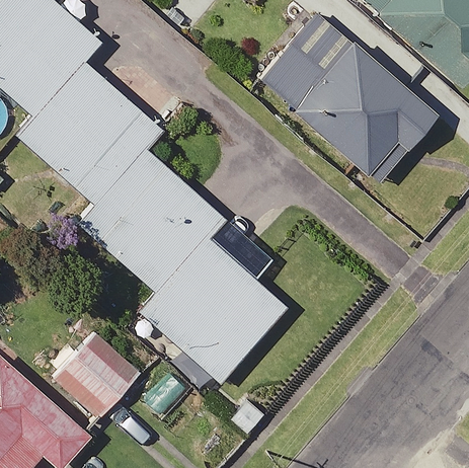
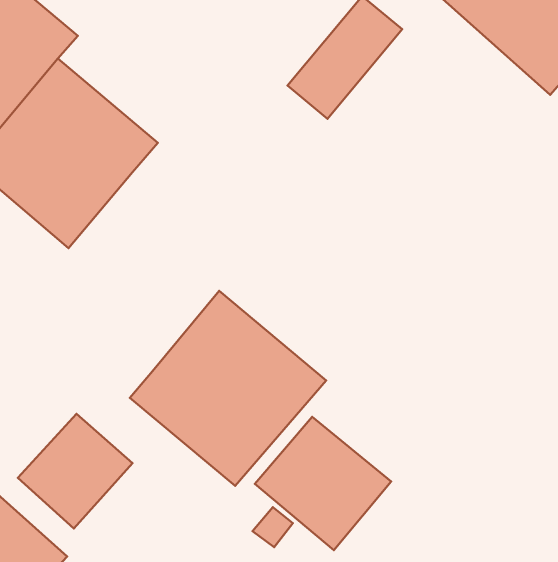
building: [293,41,439,174] -> none
building: [73,146,226,297] -> none
building: none -> [255,417,391,550]

